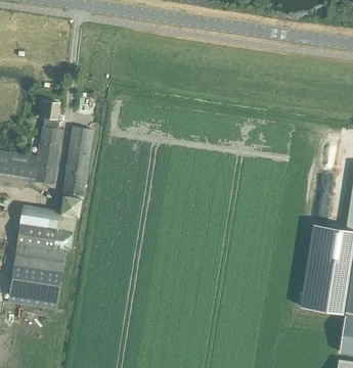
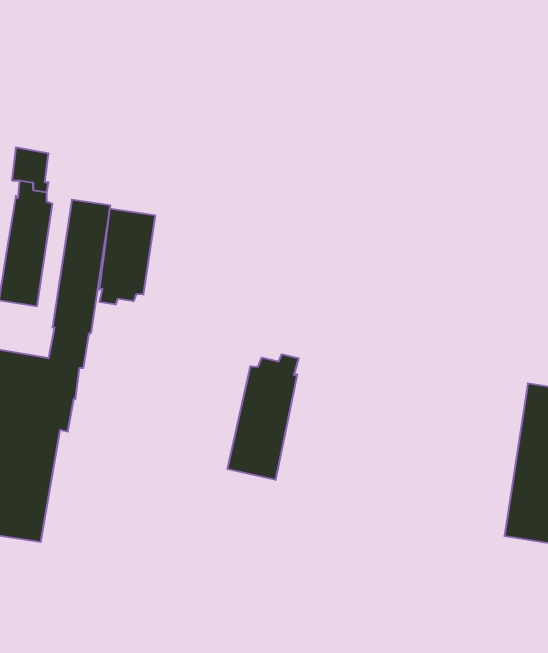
building: none -> [100,208,155,305]
building: none -> [228,354,299,480]

